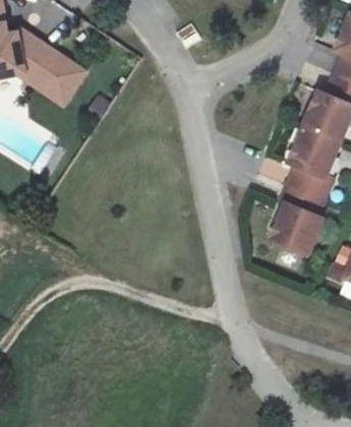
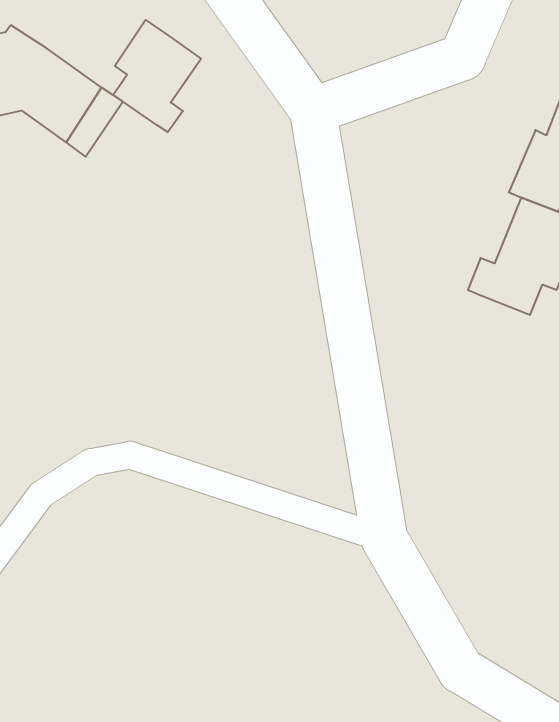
building: none -> [113,20,201,132]
building: [273,181,325,247] -> none

